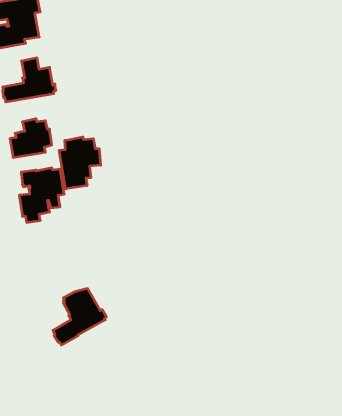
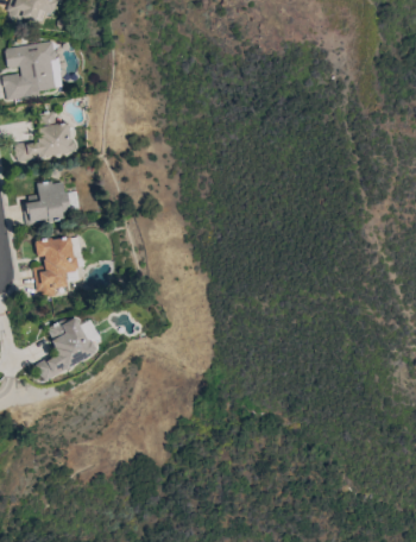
building: [59,137,101,189] -> none
building: [53,289,106,345] -> [36,317,96,382]

